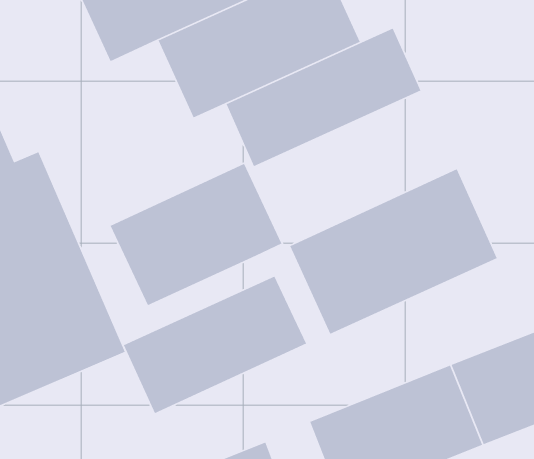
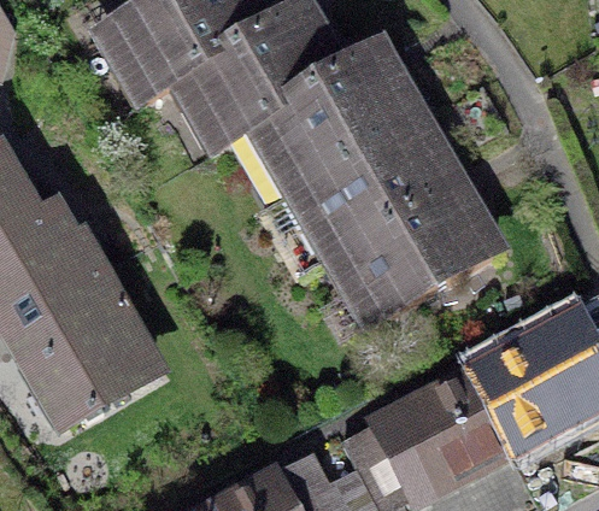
building: none -> [272,111,463,269]
building: [109,163,283,306] -> none
building: [123,276,307,414] -> none

